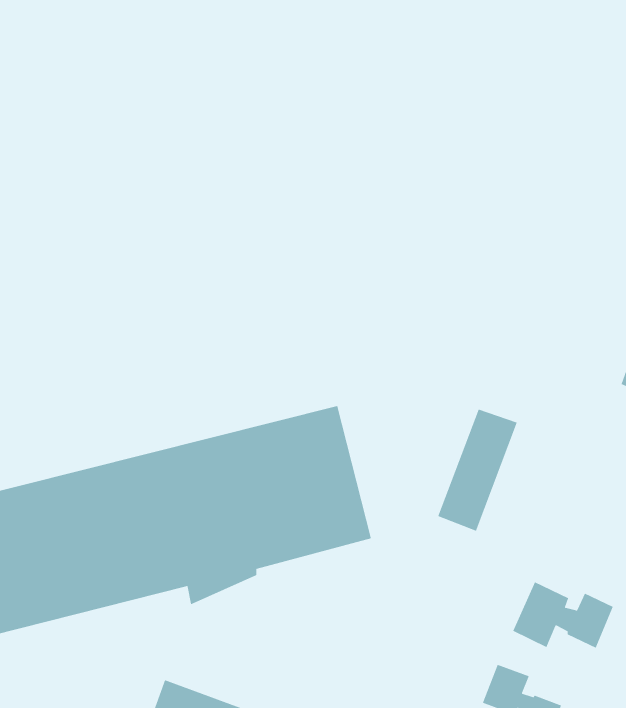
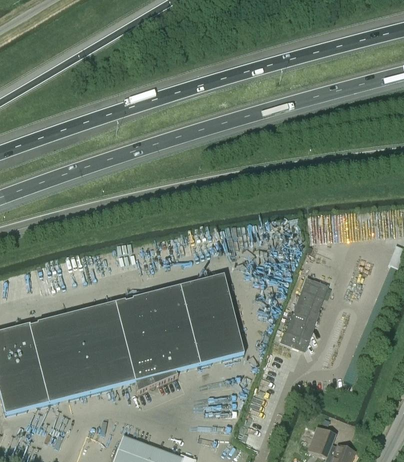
building: [512,581,614,649] -> none

